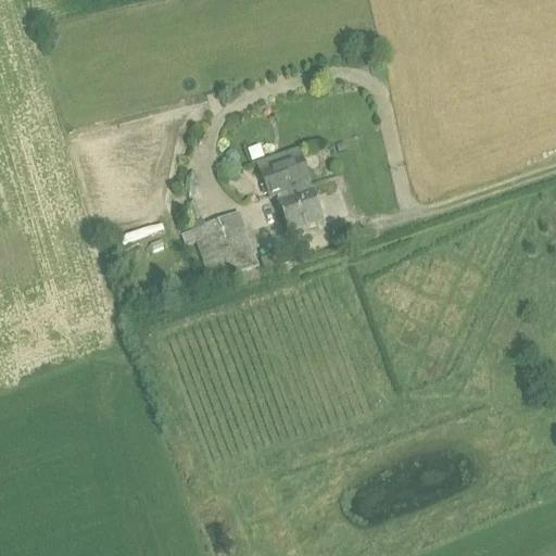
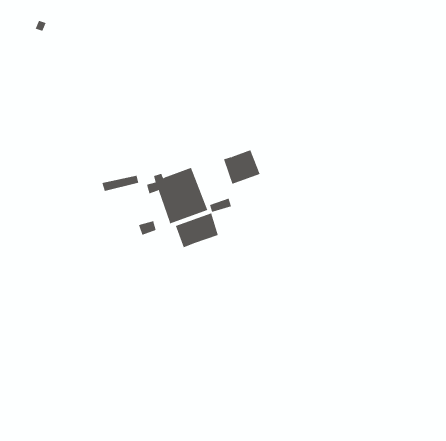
building: [261,154,313,194] -> none
building: none -> [175,213,218,248]

